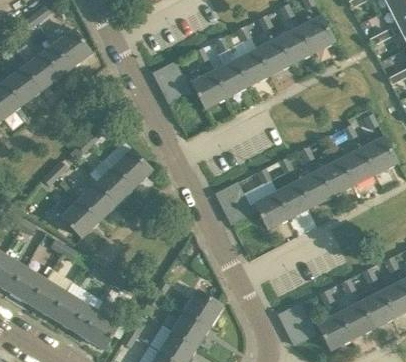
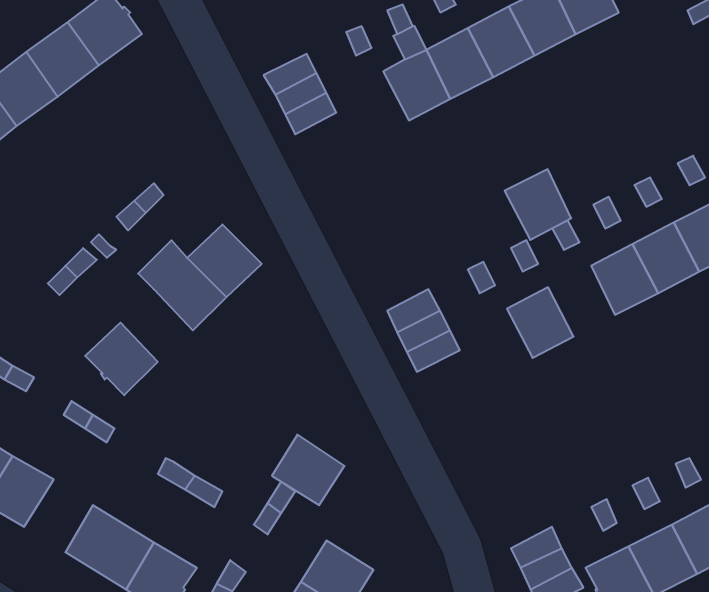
building: [190,72,225,108] -> none
building: [296,171,330,207] -> [505,169,571,240]
building: [78,183,115,220] -> none
building: [253,193,288,229] -> none
building: [29,280,64,317] -> none
building: [183,290,220,326] -> [272,435,345,505]

